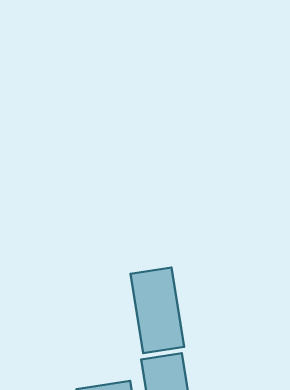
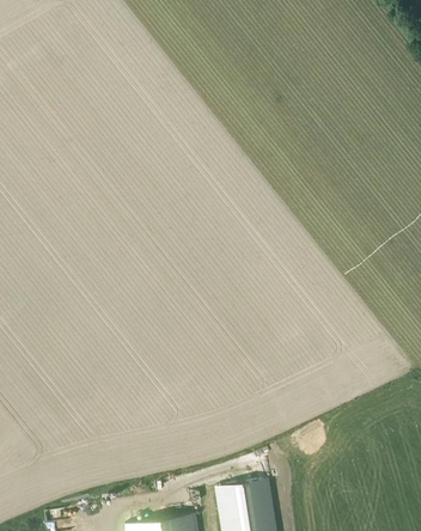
building: [131,267,184,353] -> none

